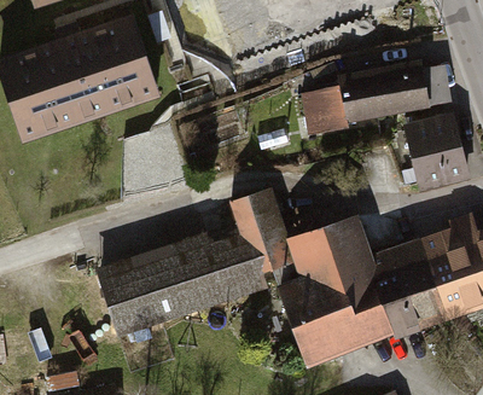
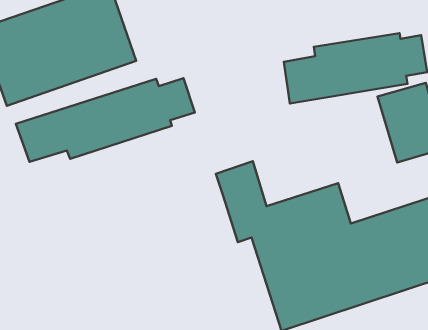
building: none -> [16,78,195,162]
building: [99,230,267,344] -> none

